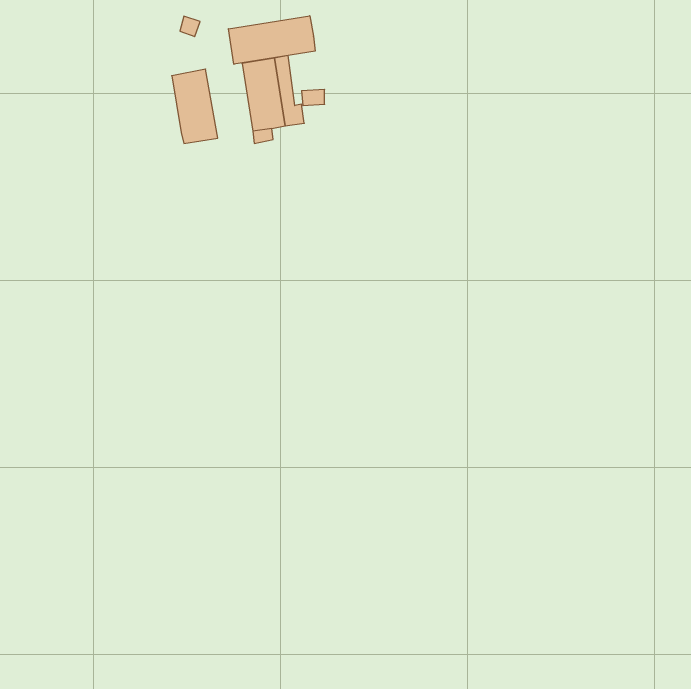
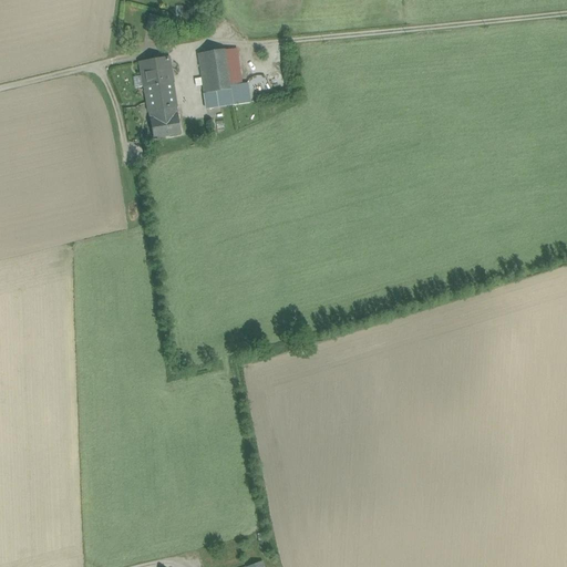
building: [228,16,315,64] -> none
building: none -> [151,113,182,137]

